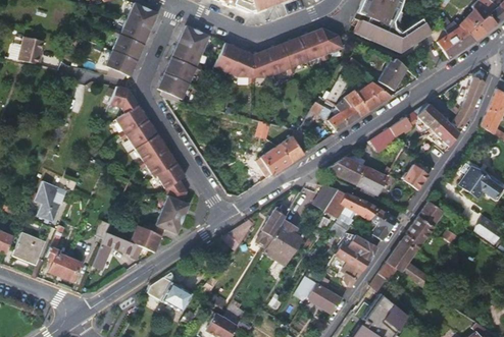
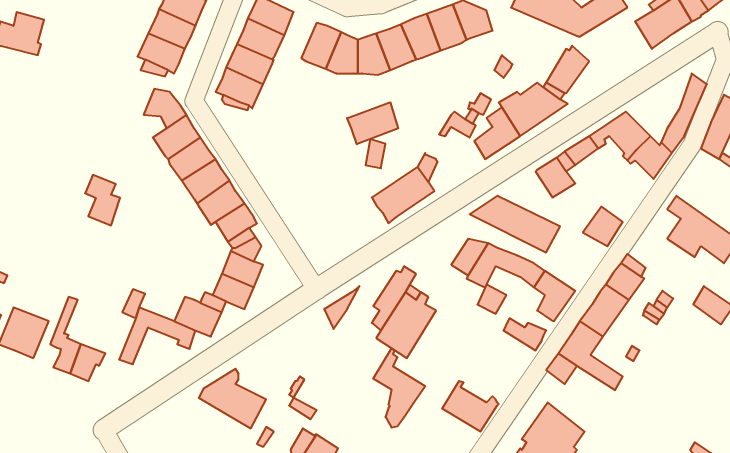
building: none -> [347,102,398,144]
building: [37,187,60,221] -> [85,175,120,225]
building: [336,235,370,288] -> [373,348,425,428]

